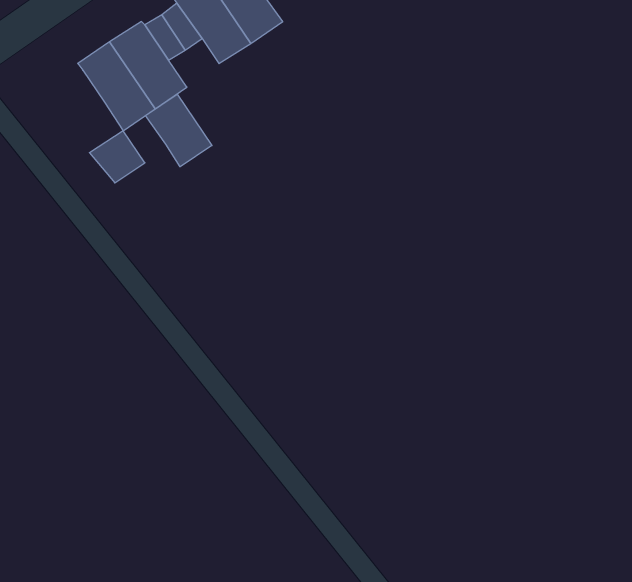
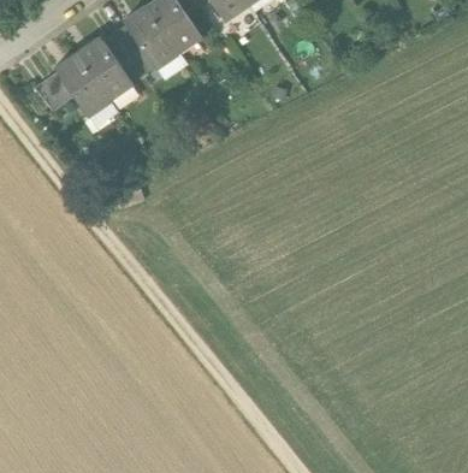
building: [146,94,212,167] -> none
building: [89,131,145,183] -> [36,72,76,110]

